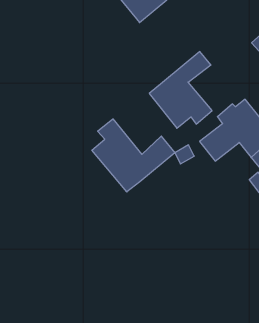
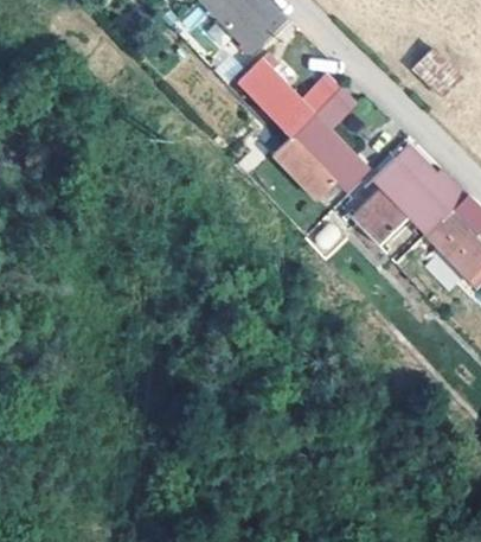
building: none -> [238,60,340,135]
building: [92,119,175,192] -> none

